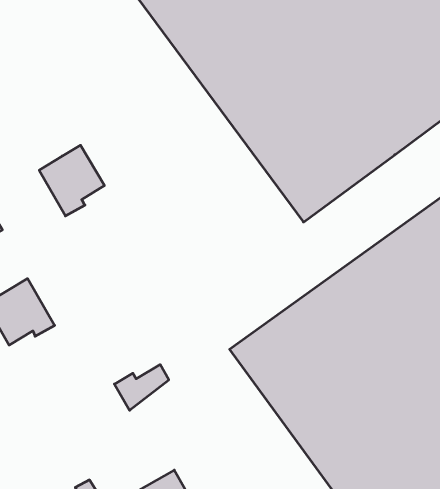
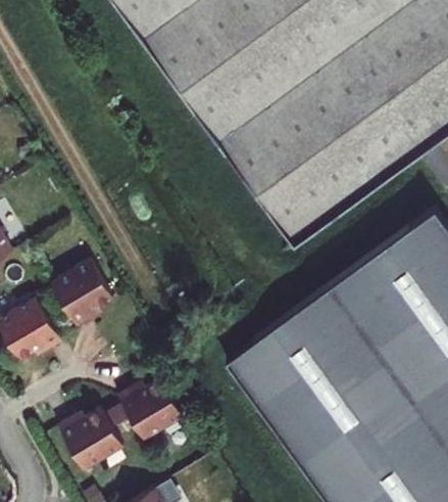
building: [39,145,104,216] -> [50,257,111,323]
building: none -> [131,390,182,438]
building: none -> [57,405,121,467]

